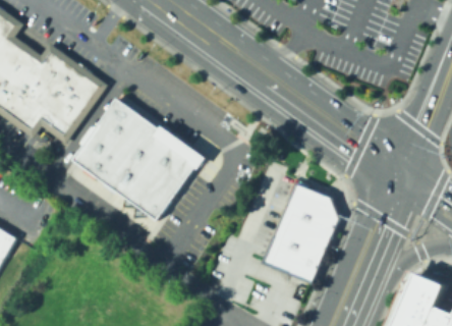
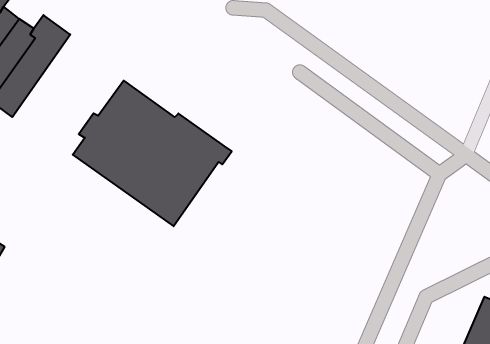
building: [21,58,106,151] -> none
building: [263,184,337,281] -> none

